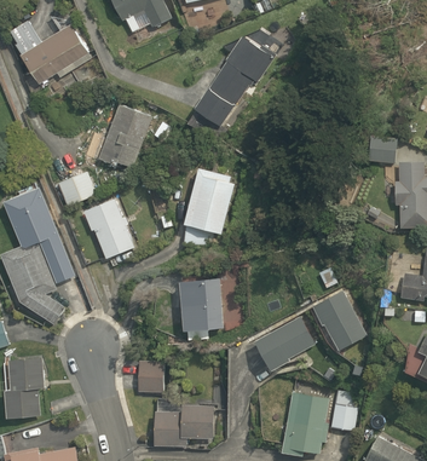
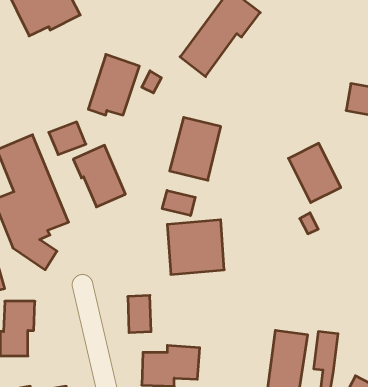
building: none -> [162,190,195,216]
building: [312,292,367,353] -> [288,143,341,203]
building: [256,318,313,371] -> none

